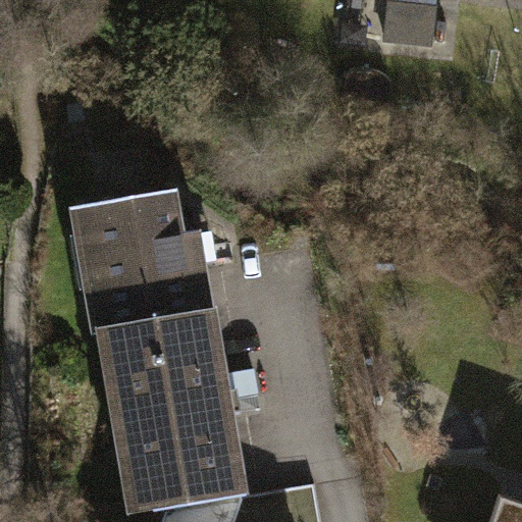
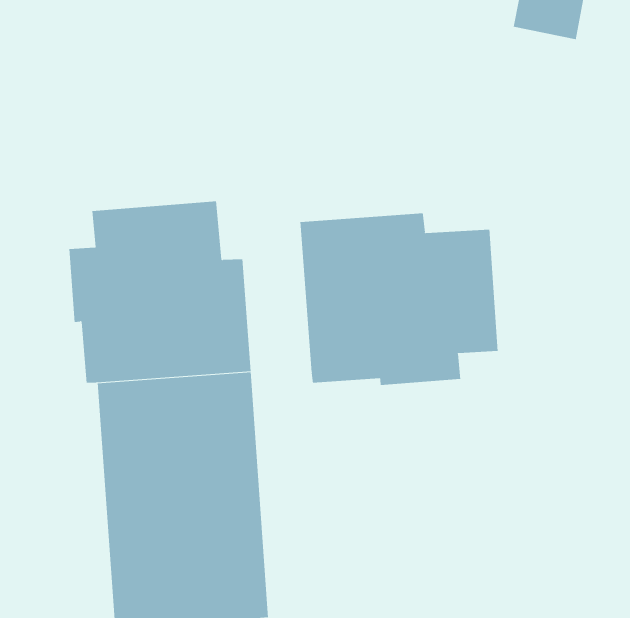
building: none -> [300,212,498,386]

